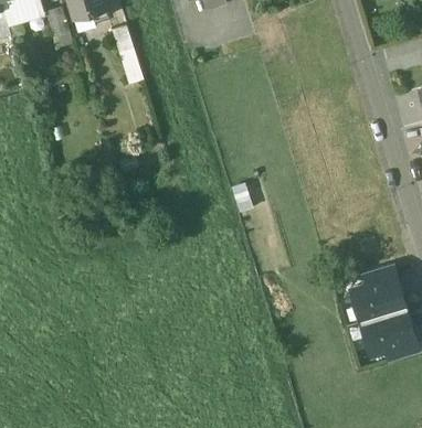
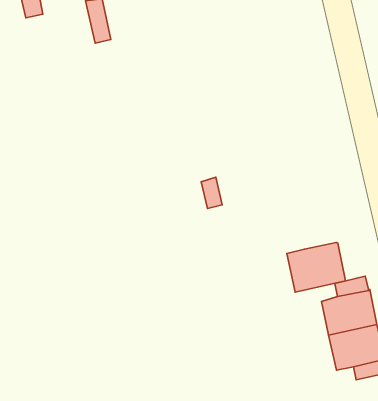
building: none -> [287,243,346,292]

